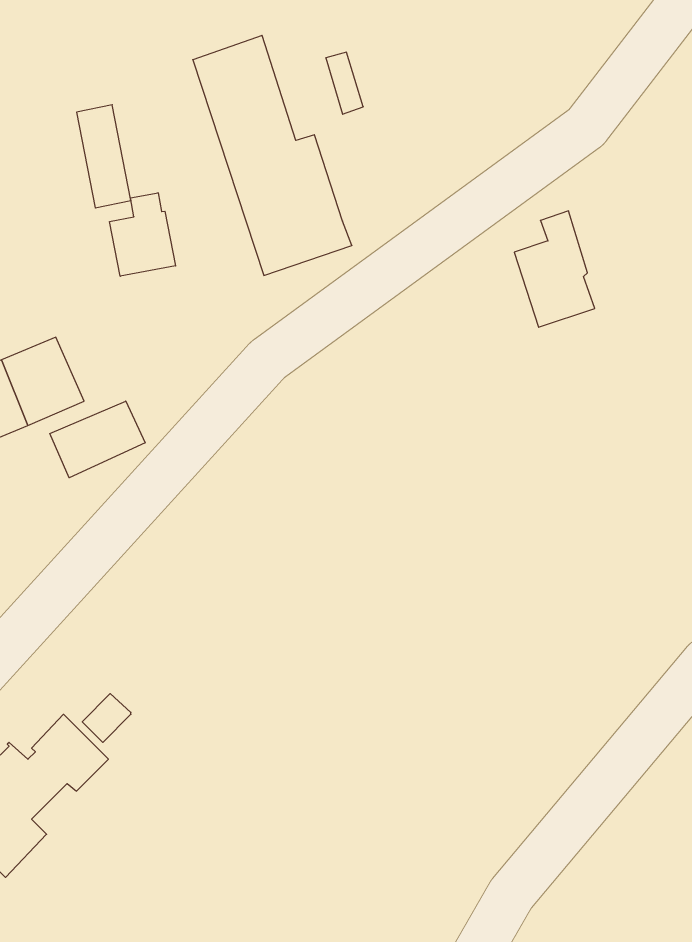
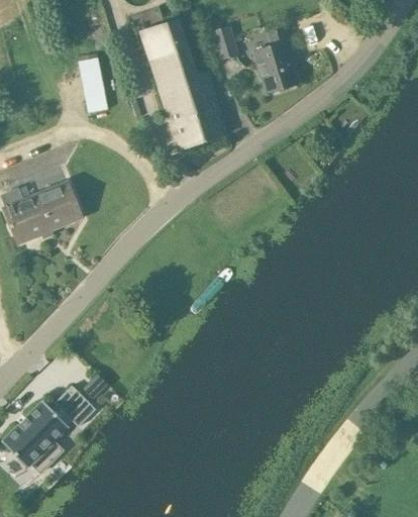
building: [110,193,176,276] -> none
building: [514,211,595,327] -> [253,29,297,92]
building: [50,401,145,478] -> none

